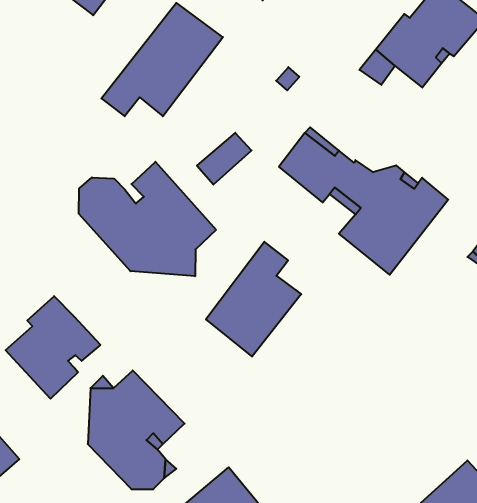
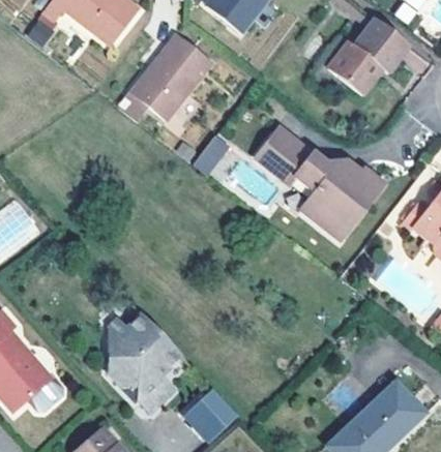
building: [79,162,216,276] -> none
building: [206,242,301,357] -> none
building: [6,296,100,399] -> none

